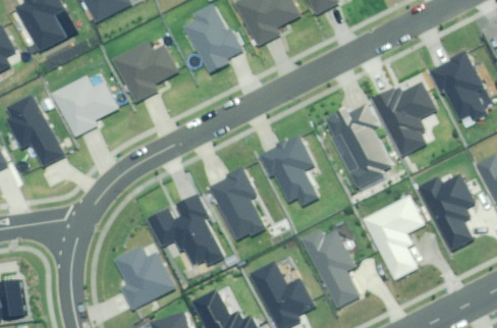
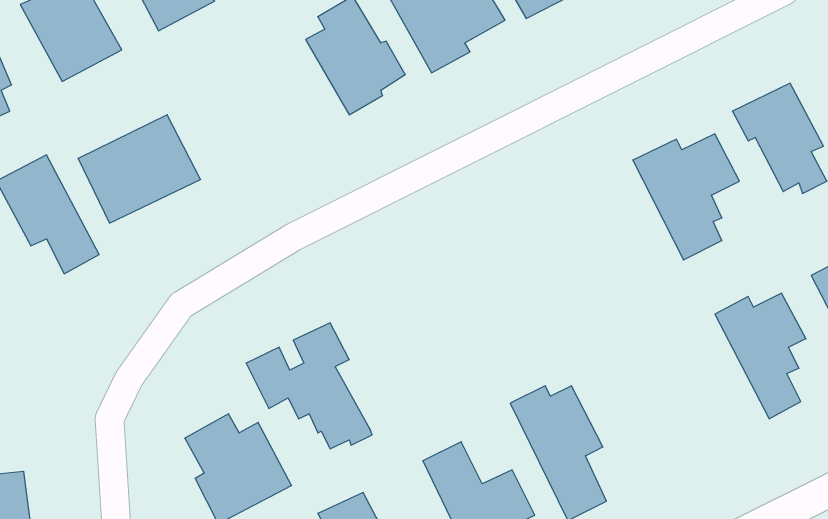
building: [114,41,178,100] -> none
building: [326,103,395,187] -> none
building: [262,135,318,205] -> none
building: [211,165,266,239] -> none
building: [365,194,426,277] -> none

